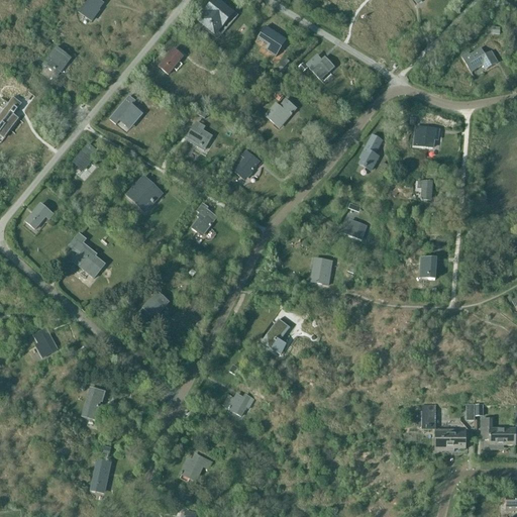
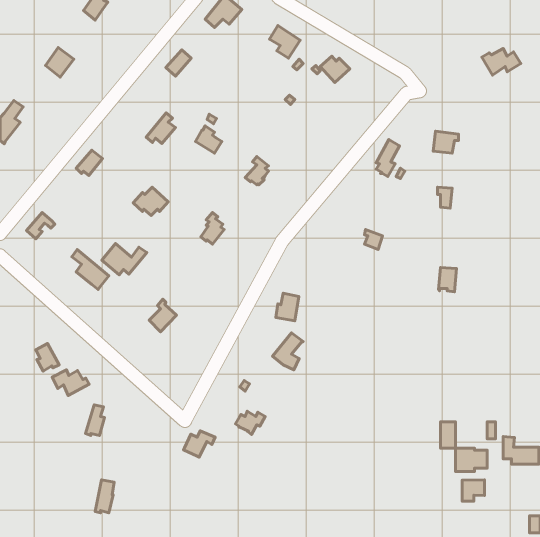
building: [110,95,138,124] -> [146,113,176,143]
building: [265,98,296,122] -> none
building: none -> [102,244,147,275]
building: [311,257,333,284] -> [276,293,299,321]
building: none -> [52,370,89,396]
building: [181,454,211,480] -> [183,431,215,457]
building: none -> [462,480,485,501]

